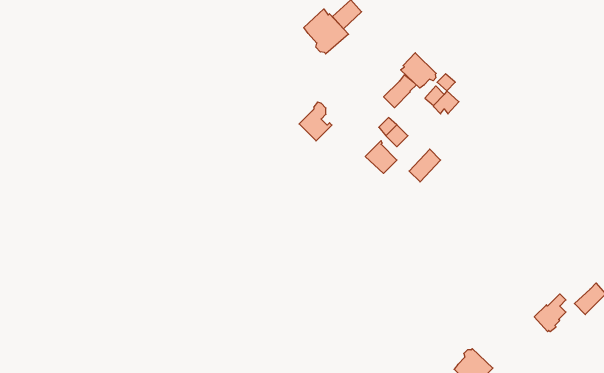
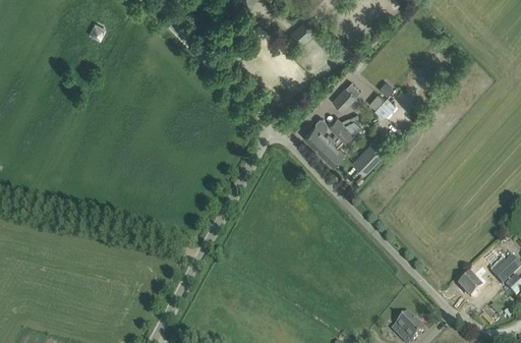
building: [304,9,349,54] -> none
building: [401,53,436,88] -> none
building: [299,102,332,141] -> [303,118,331,151]

